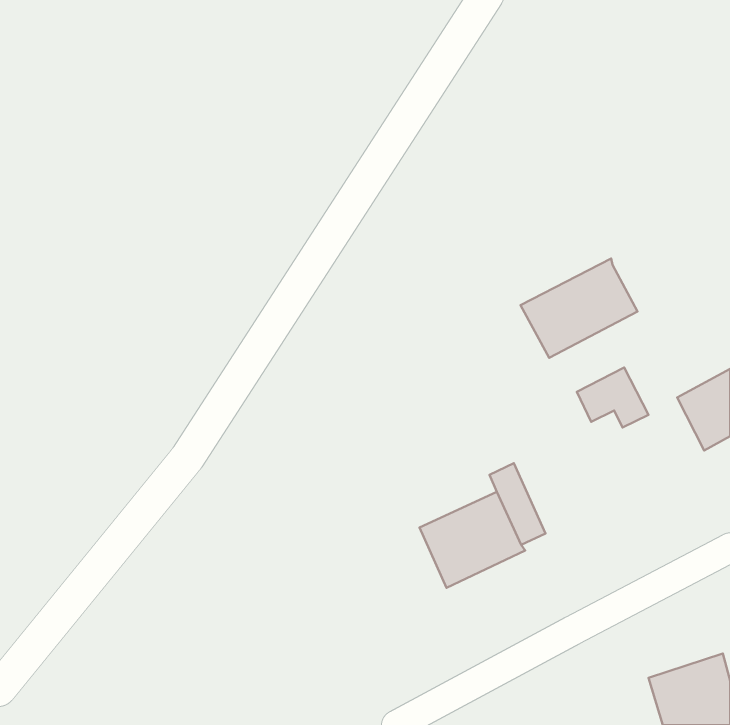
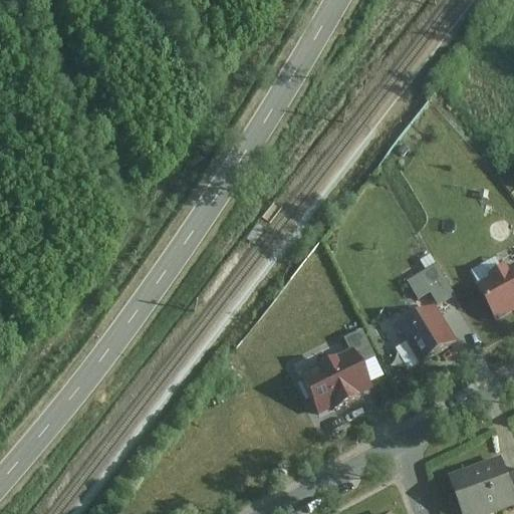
building: [521,258,638,358] -> none
building: none -> [398,301,455,359]

